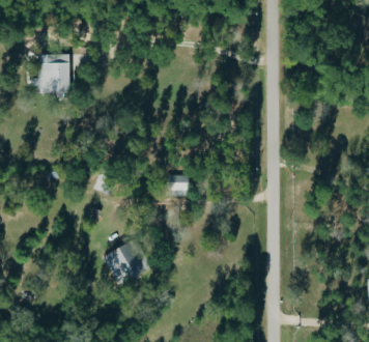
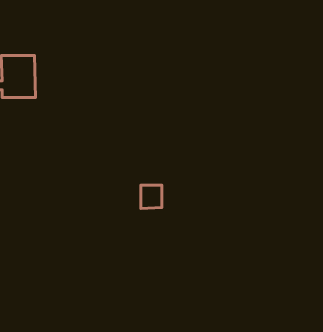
building: [105,243,145,283] -> none

